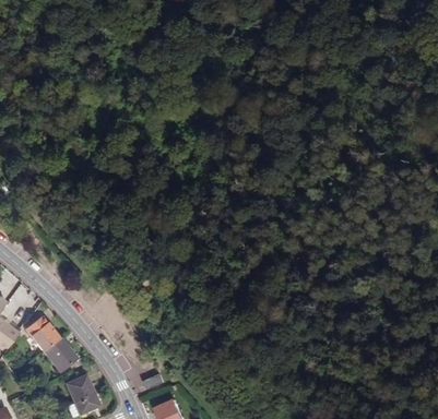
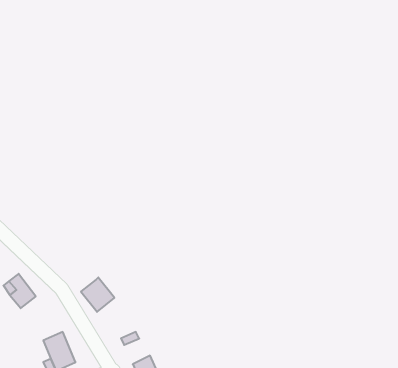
building: [43,336,76,371] -> [81,277,114,312]

